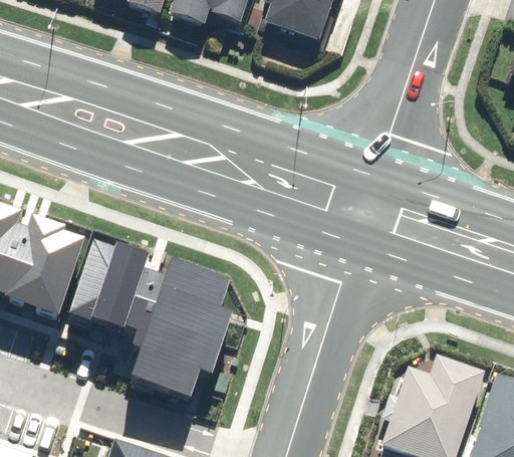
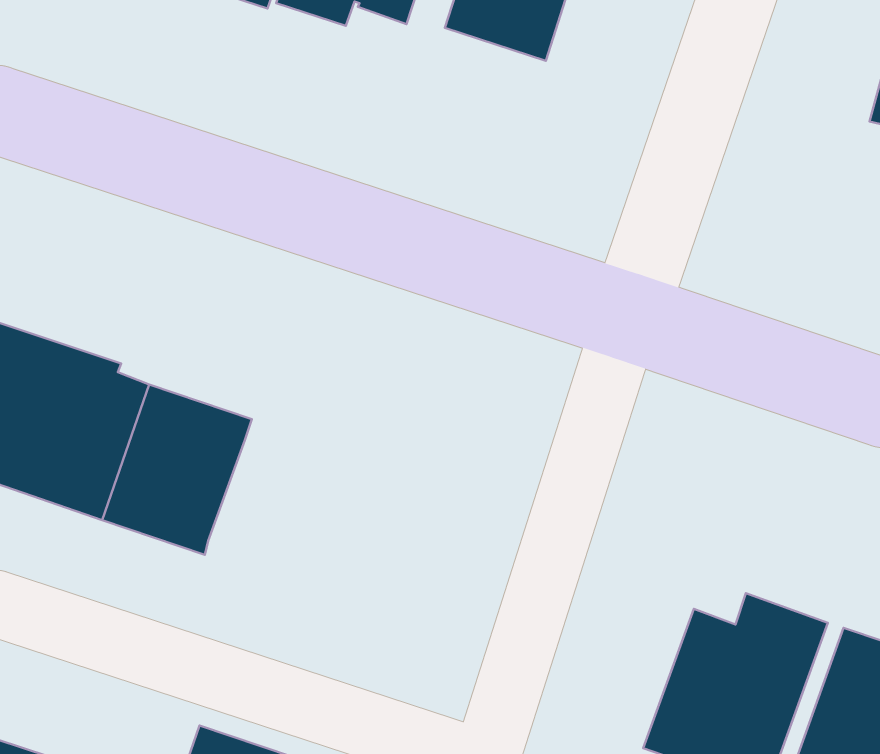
building: [124,258,236,394] -> none

